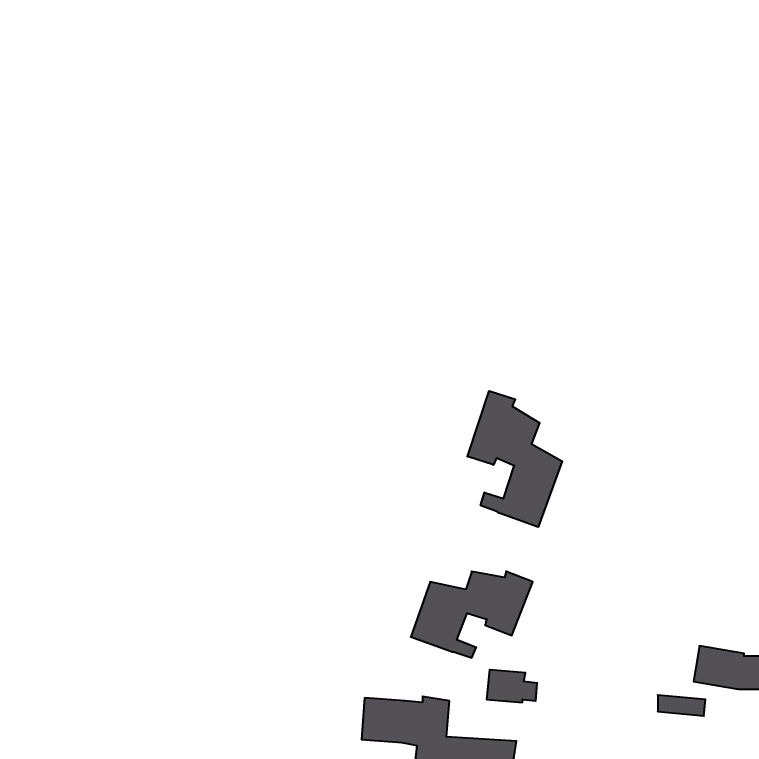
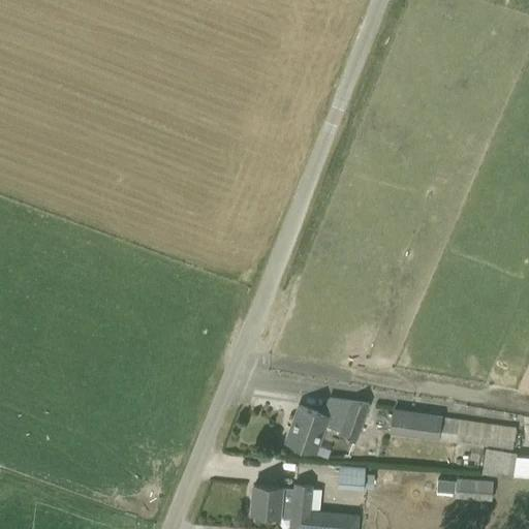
building: [467,391,562,527] -> none
building: none -> [390,409,515,449]

